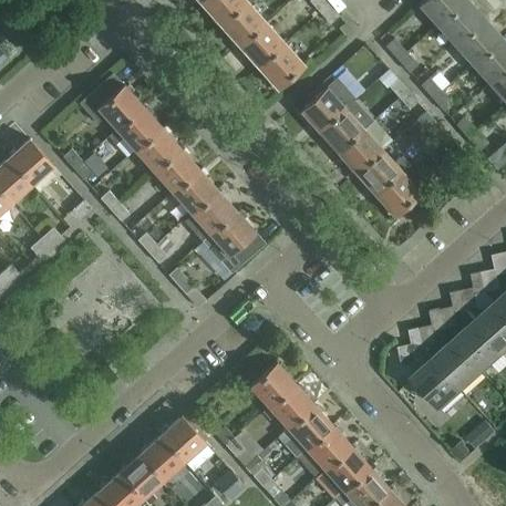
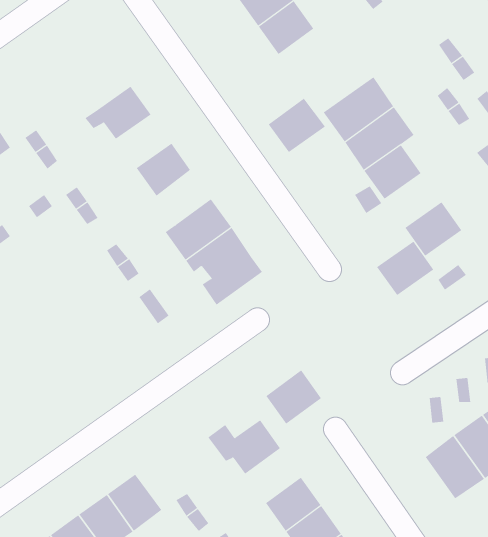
building: [259,44,306,90] -> [268,98,326,153]
building: [80,73,144,130] -> none
building: [136,127,182,172] -> none
building: [357,151,403,196] -> [376,241,434,296]
building: [174,168,218,214] -> none
building: [269,383,314,428] -> [265,370,322,425]

